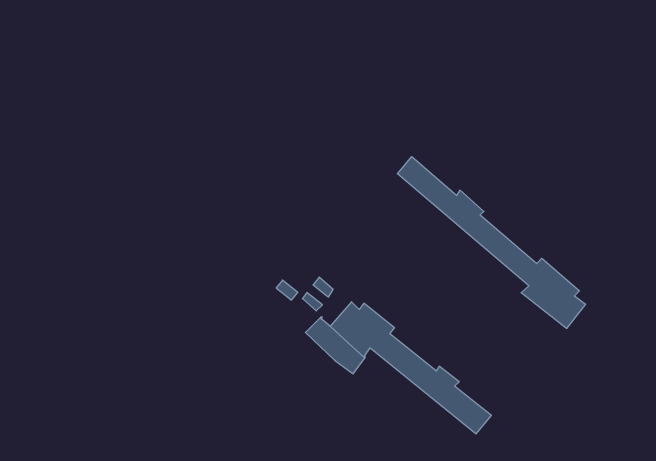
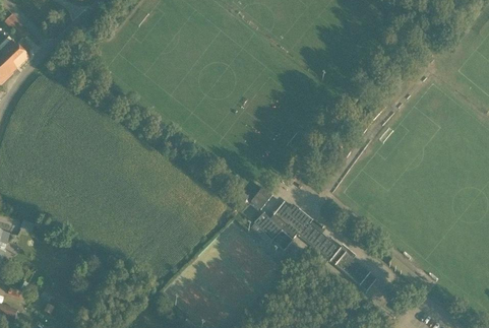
building: [397,157,586,328] -> none

